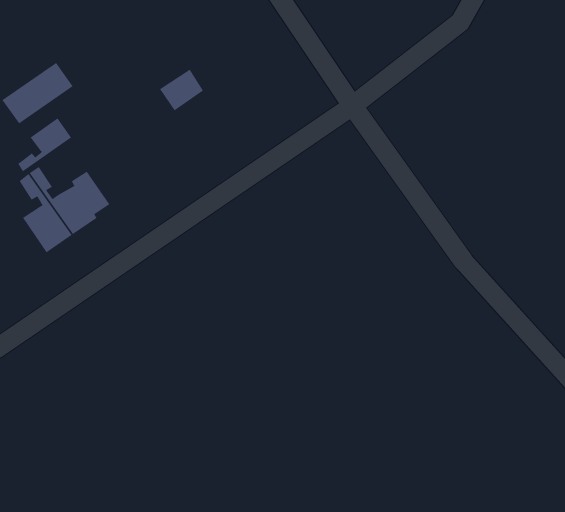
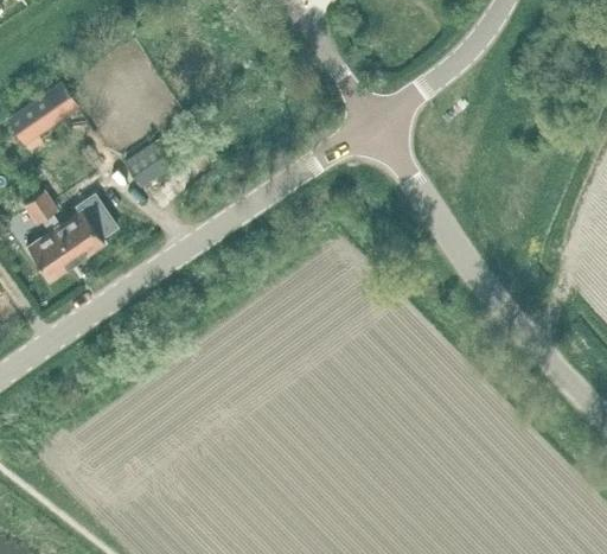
building: [159,69,204,111] -> [127,140,173,184]
building: [17,117,72,172] -> none

